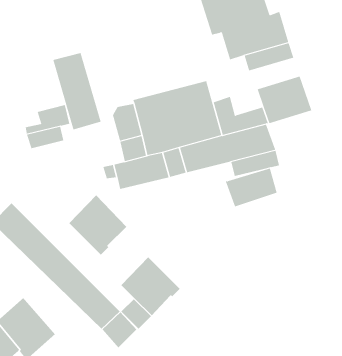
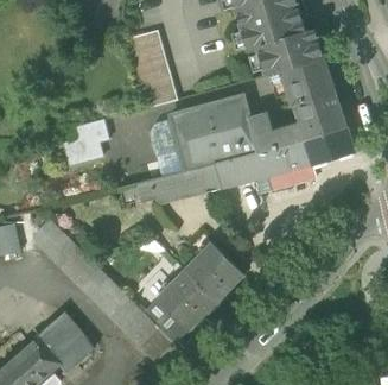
building: [53,53,102,130] -> [129,31,178,108]
building: none -> [286,74,337,106]
building: [225,168,278,207] -> [304,126,356,165]
building: [69,195,127,256] -> [186,242,244,303]

